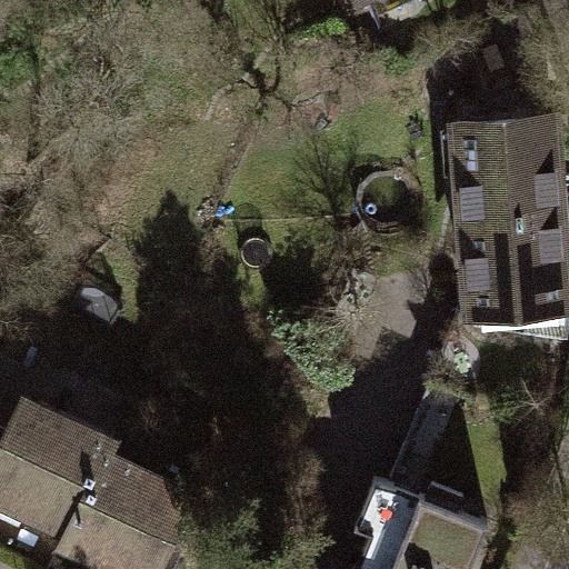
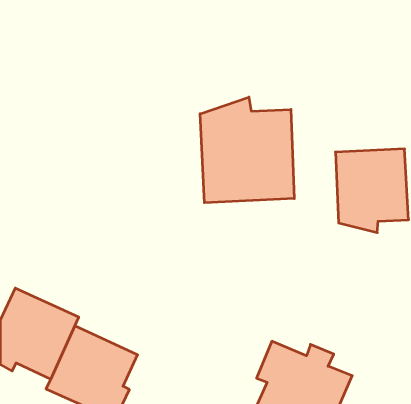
building: [458,122,559,220] -> none
building: none -> [200,97,294,203]

